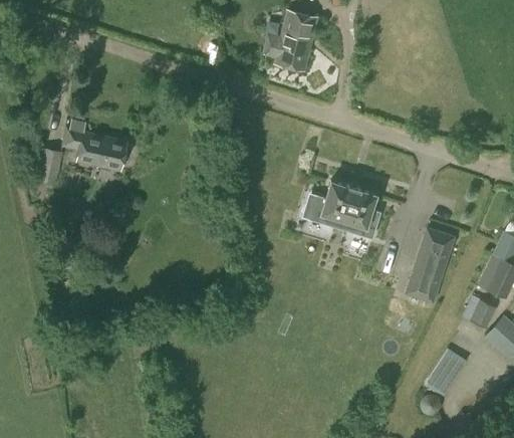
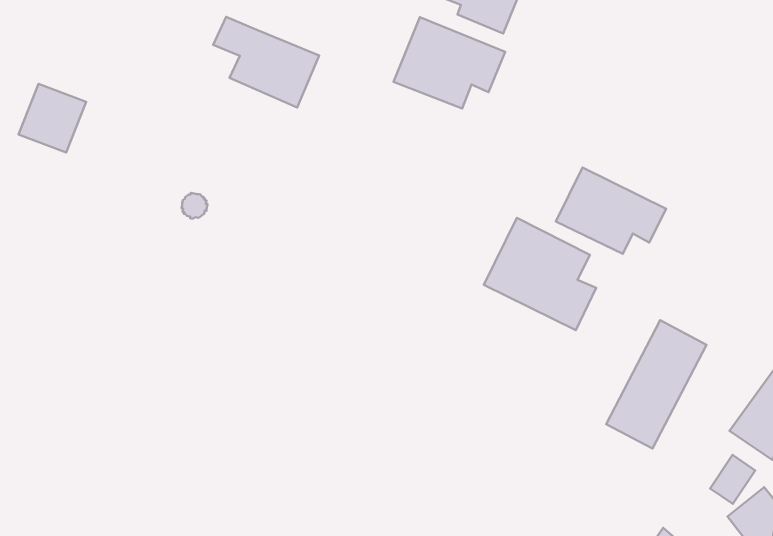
building: none -> [393,17,505,109]
building: [62,125,126,172] -> [213,17,319,107]
building: none -> [556,168,666,254]

